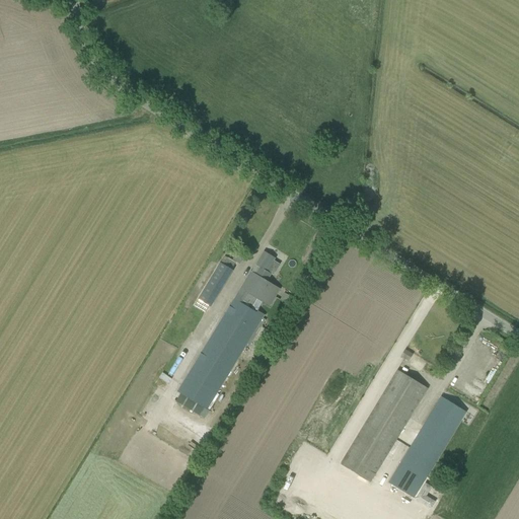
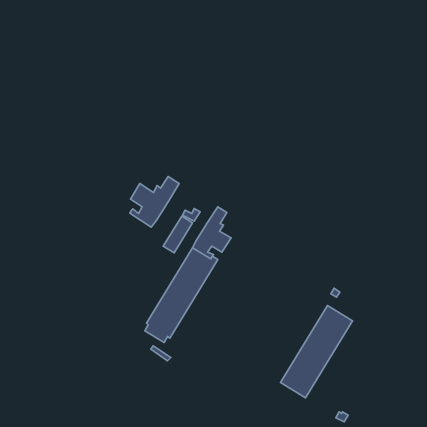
building: none -> [130,177,179,227]
building: [389,396,466,497] -> none

